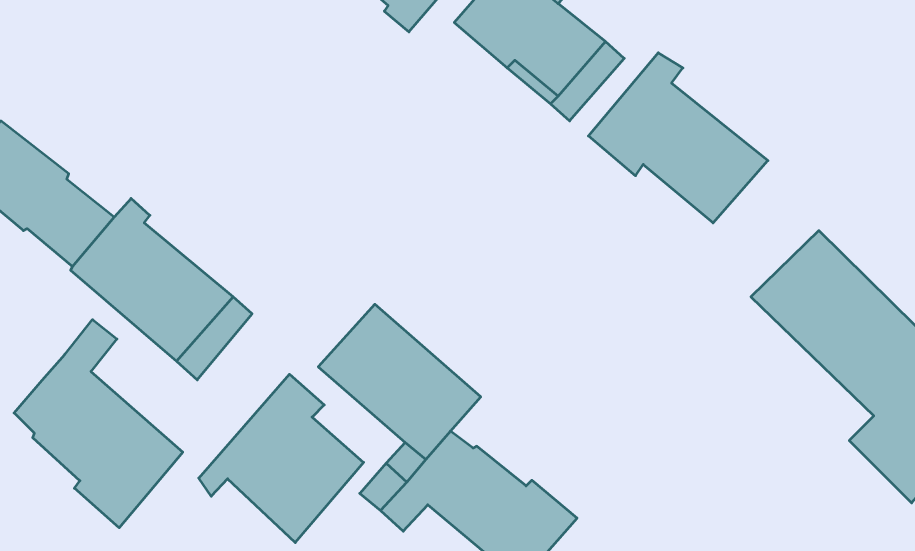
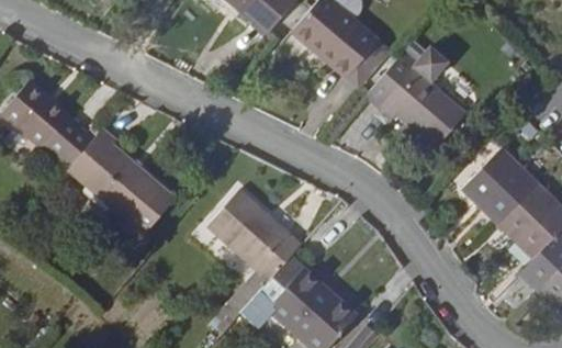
building: [14,320,183,528] -> none
building: [199,374,364,543] -> none

